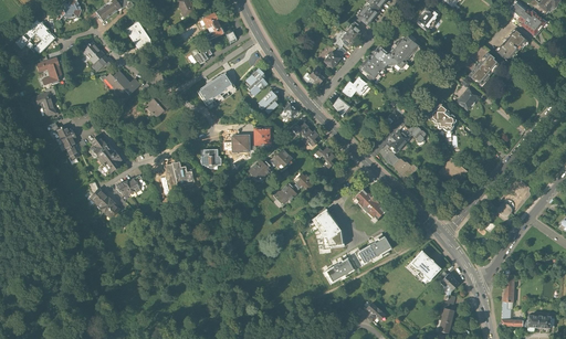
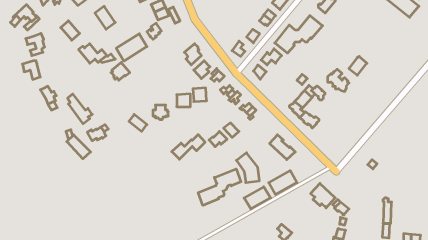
building: [497,29,528,61] -> none
building: [469,52,501,85] -> none
building: [195,73,234,108] -> [116,34,147,61]
building: [249,149,292,181] -> [172,135,205,159]
building: none -> [198,169,241,205]

